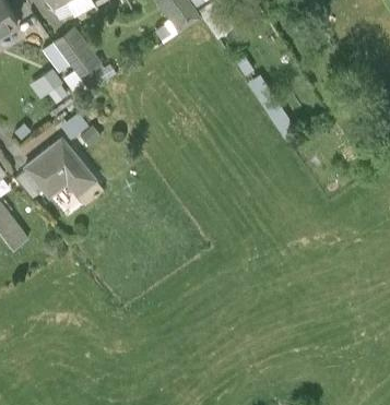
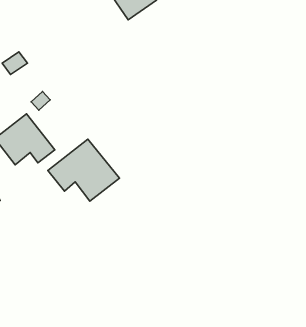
building: [54,34,105,95] -> none
building: none -> [48,139,119,201]

